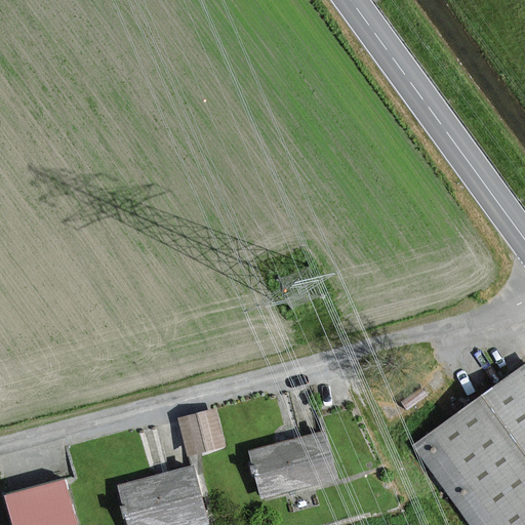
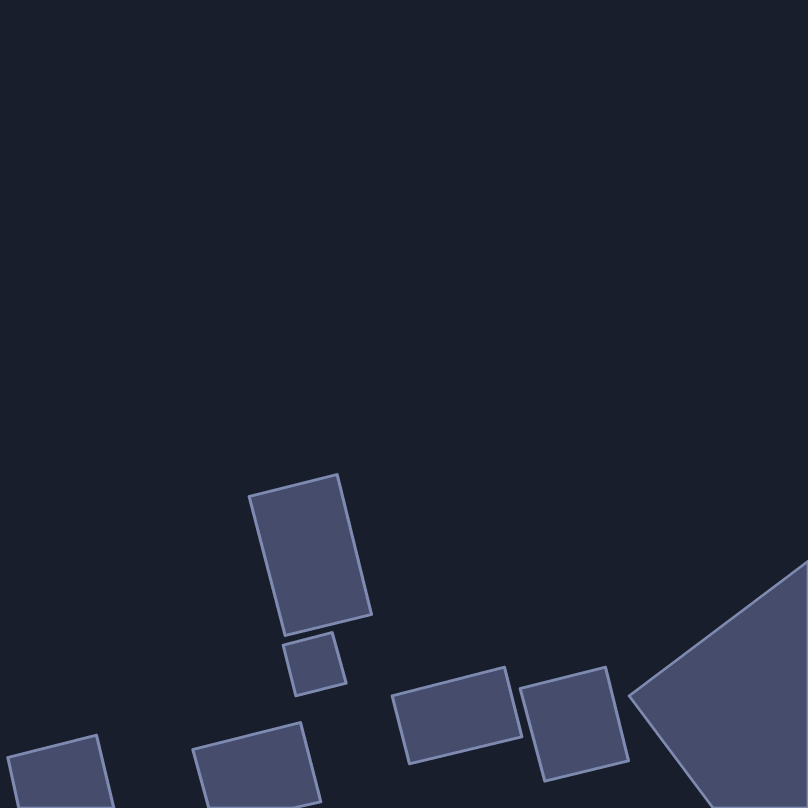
building: none -> [249,475,372,635]
building: none -> [520,667,628,781]

